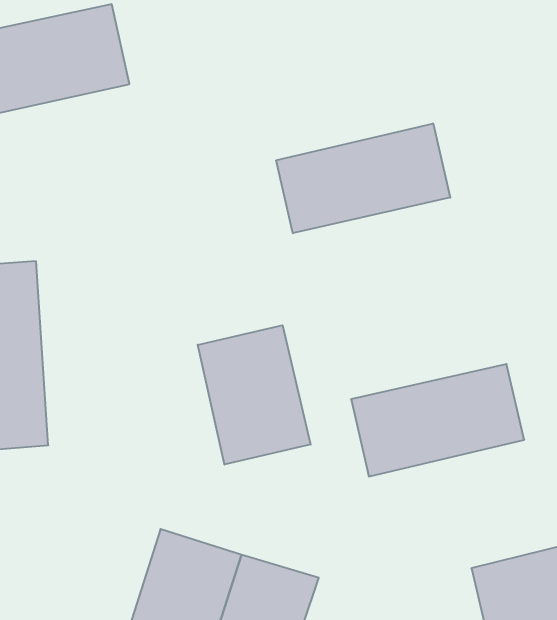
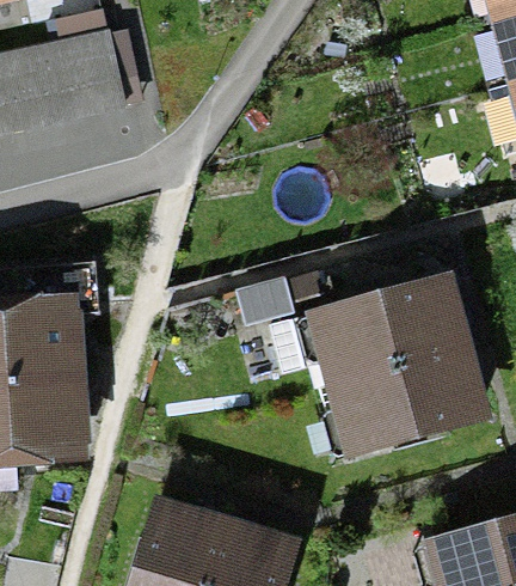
building: [276,123,450,233] -> none
building: none -> [309,283,463,385]
building: [198,325,311,465] -> none

